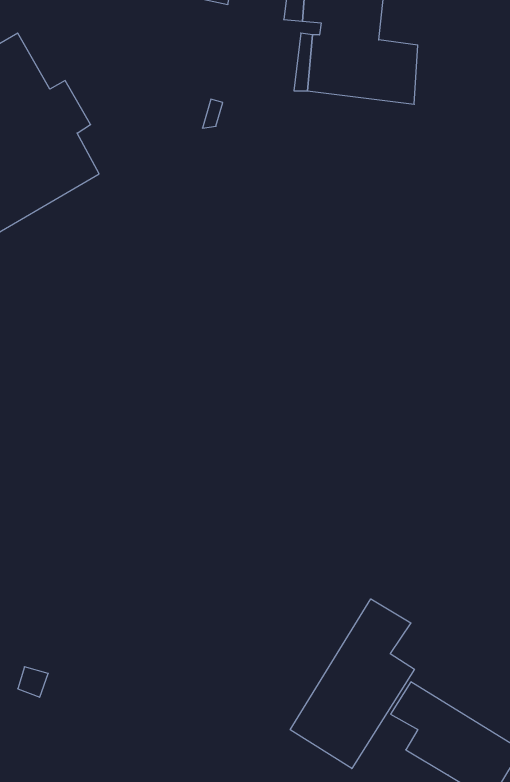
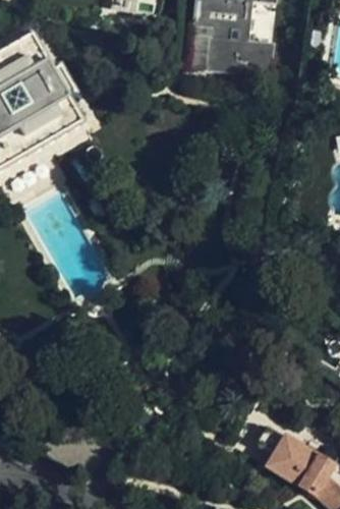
building: [290,599,414,769] -> none

